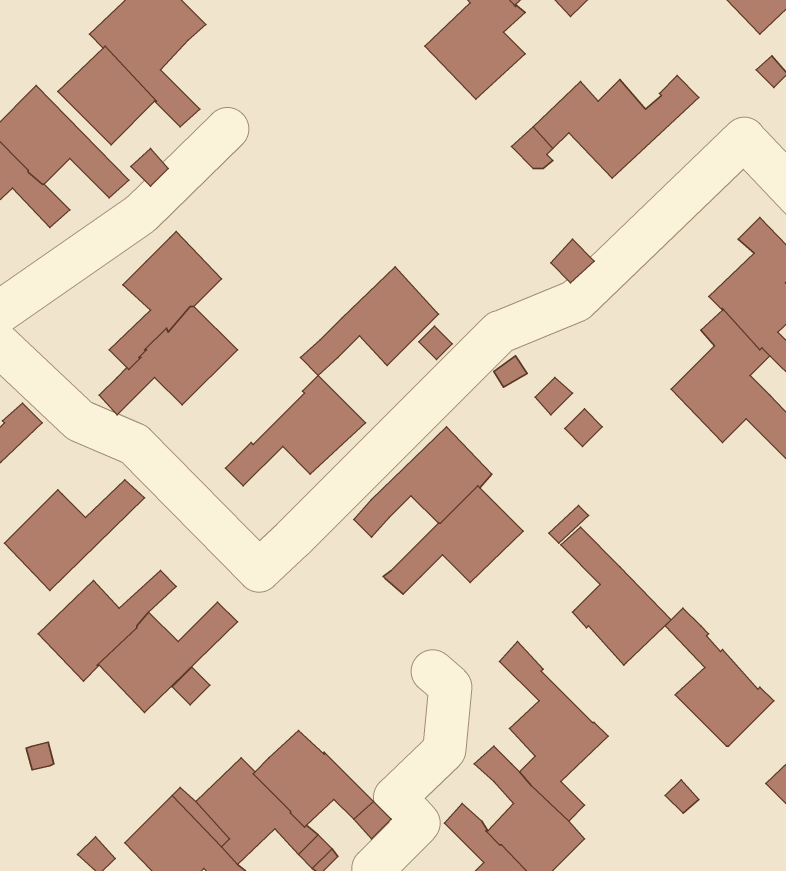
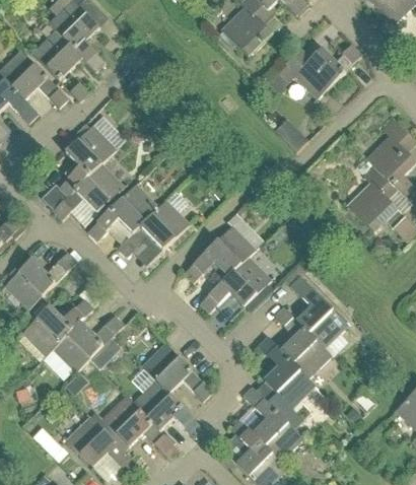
building: [300,267,439,375] -> [87,184,158,239]
building: [665,608,774,746] -> [275,306,331,377]
building: none -> [141,343,212,399]

